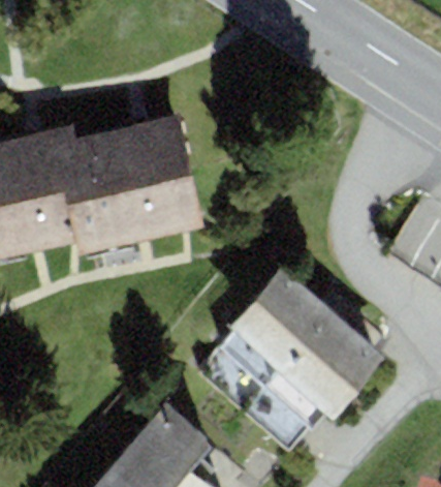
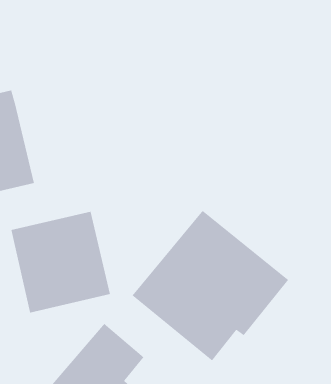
building: [62,118,200,252] -> none
building: none -> [11,211,111,314]

